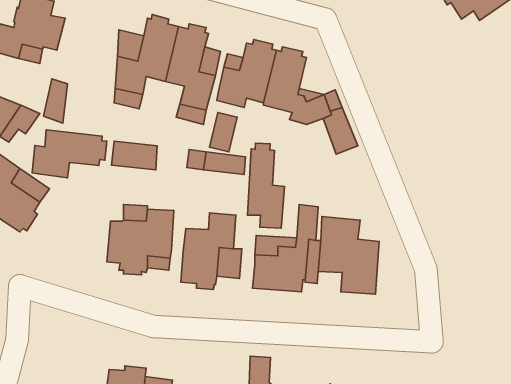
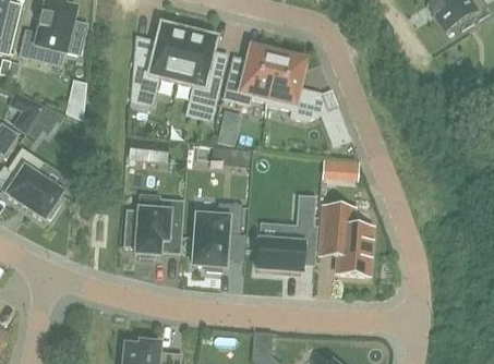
building: [32,130,107,178] -> none
building: [247,143,285,228] -> none
building: none -> [322,158,359,183]

